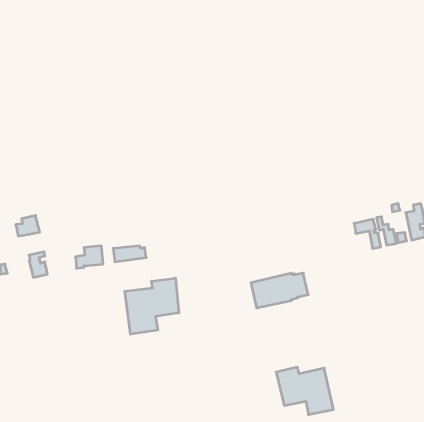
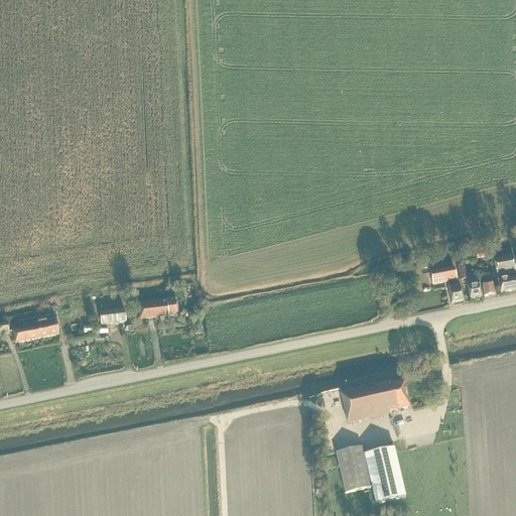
building: [16,215,40,236] -> [12,316,41,342]
building: [251,273,308,308] -> [341,379,410,421]
building: [125,278,179,334] -> none

